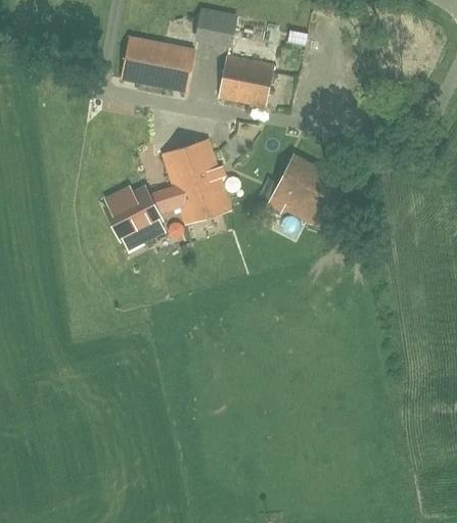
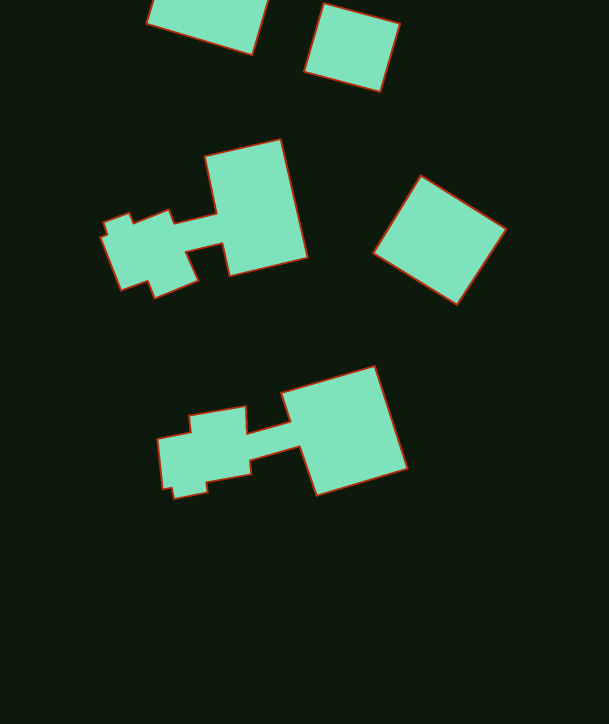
building: none -> [158,366,408,499]

